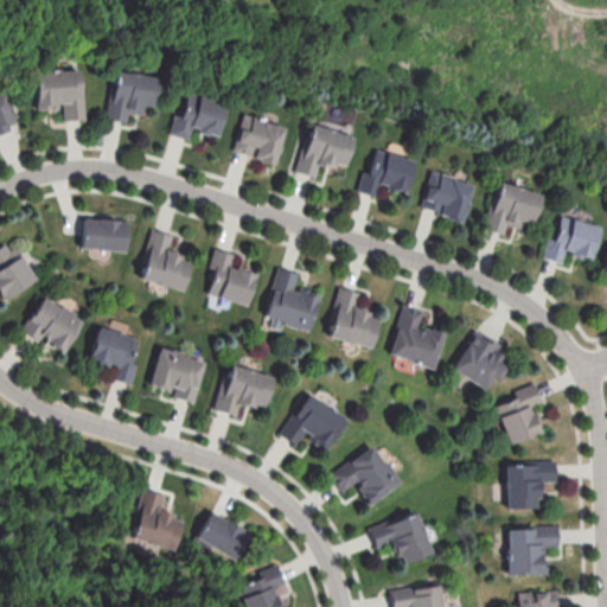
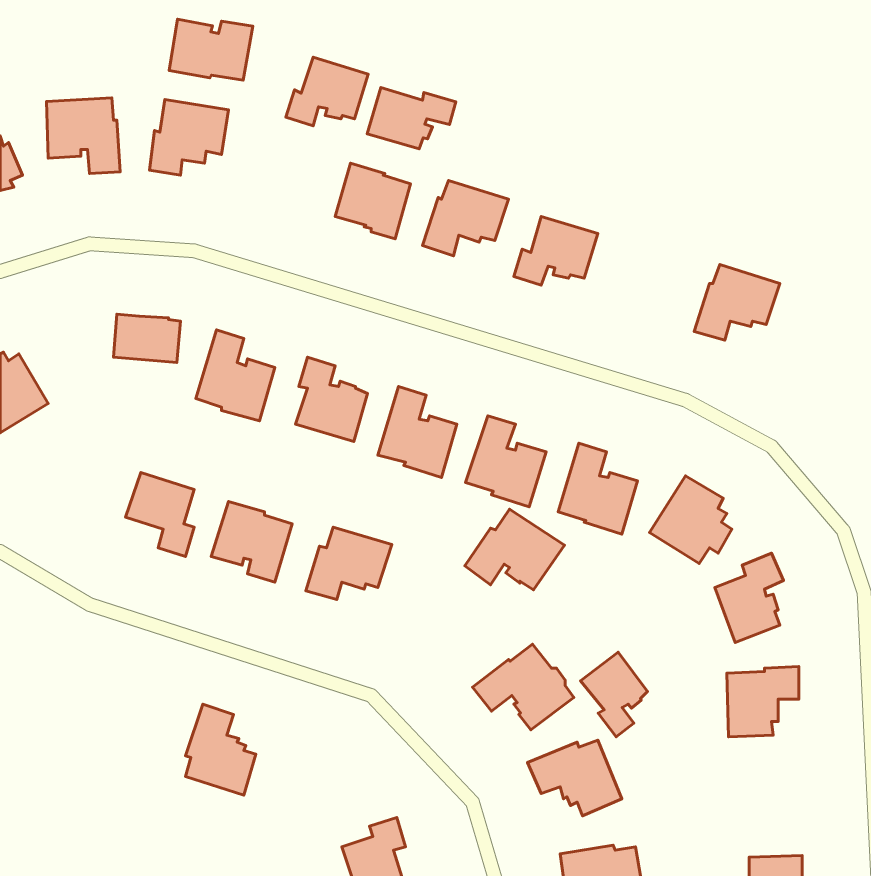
building: none -> [169,19,253,80]
building: none -> [367,87,456,149]
building: [172,92,229,140] -> [286,57,368,126]
building: [422,172,474,224] -> none
building: [544,217,601,264] -> none
building: [23,296,84,353] -> none
building: [280,395,349,451] -> [465,509,564,590]
building: none -> [581,652,648,737]
building: [197,513,251,561] -> none
building: [510,526,560,574] -> none

